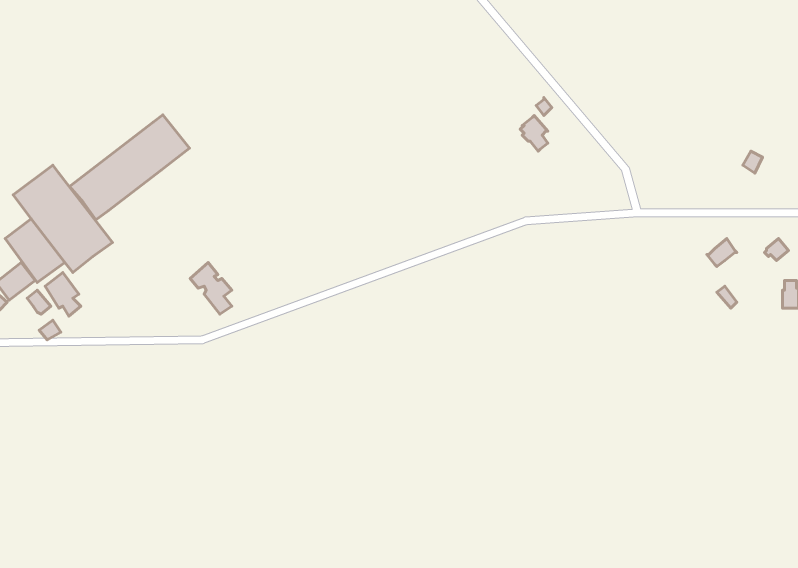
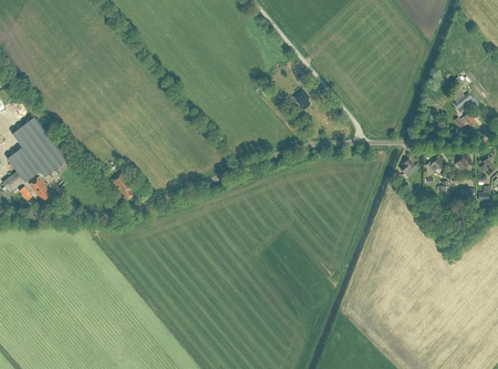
building: [69,115,189,220] -> none

